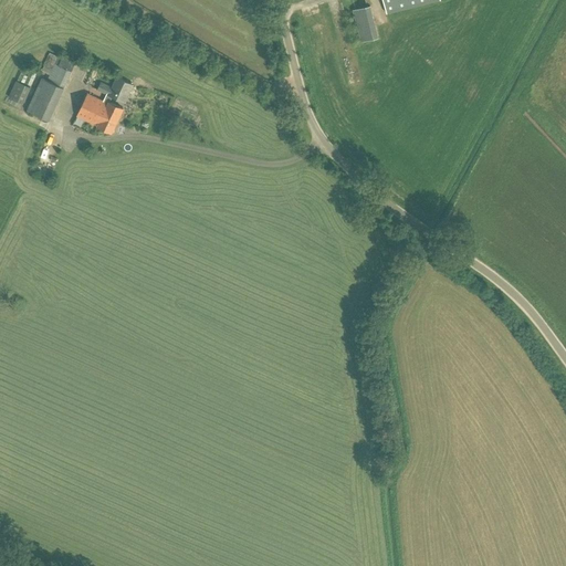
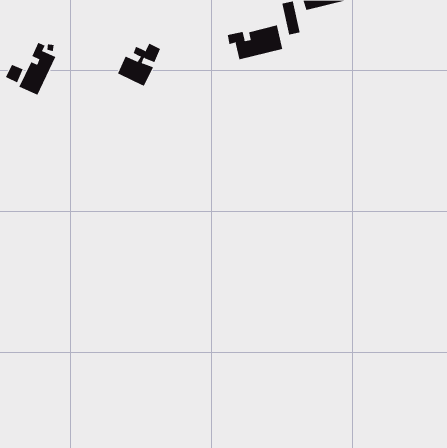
building: none -> [227,25,283,60]
building: [76,77,132,133] -> [117,43,161,87]

